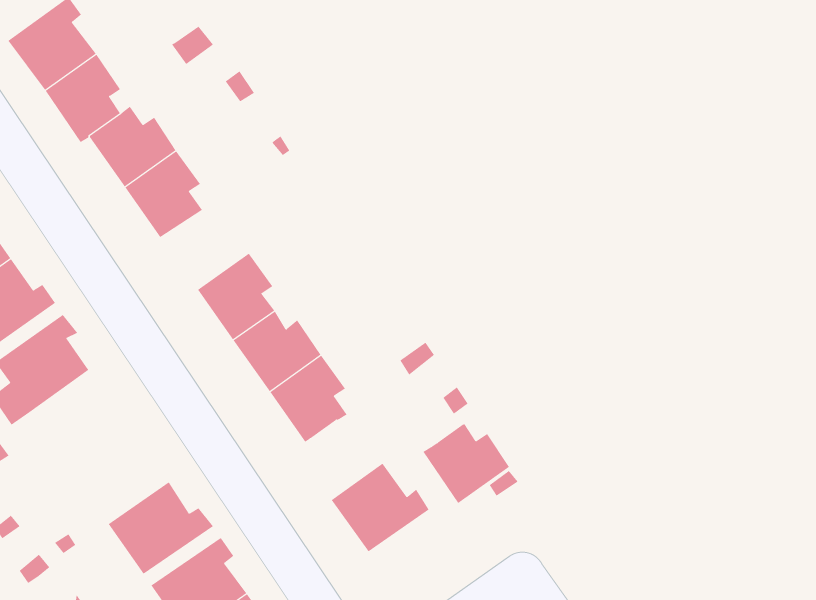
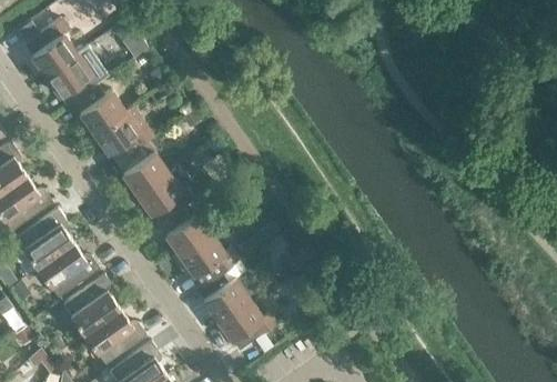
building: none -> [114,145,168,193]
building: none -> [37,241,99,296]
building: [422,424,510,504] -> [195,271,247,319]
building: none -> [62,274,120,333]

